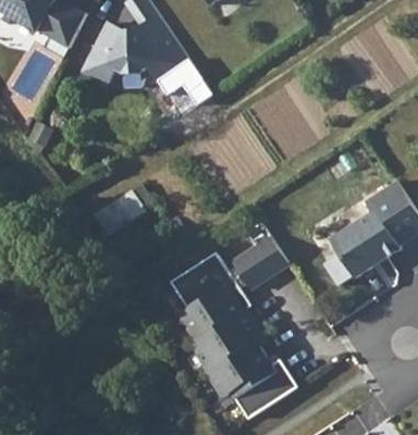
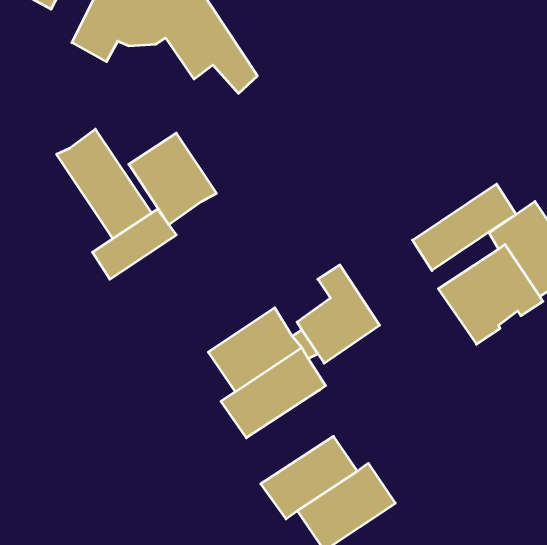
building: none -> [57,129,151,238]
building: none -> [129,133,216,225]
building: none -> [412,184,516,271]
building: [195,309,267,371] -> none

